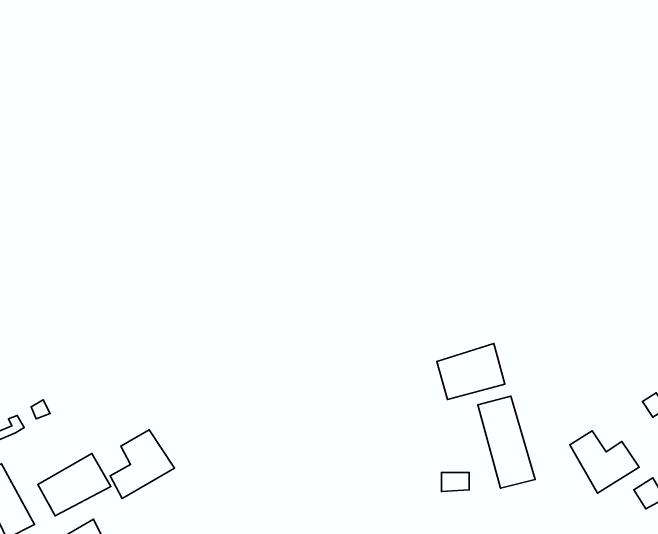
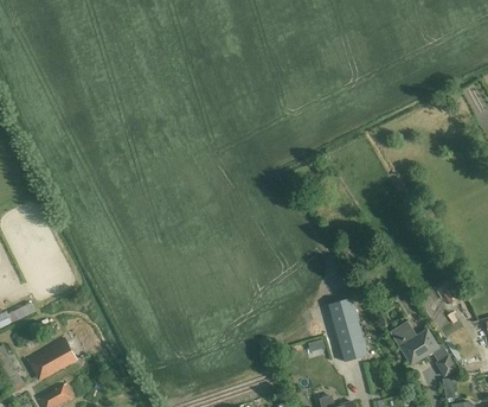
building: [437,344,505,399] -> none
building: [110,430,175,499] -> none

